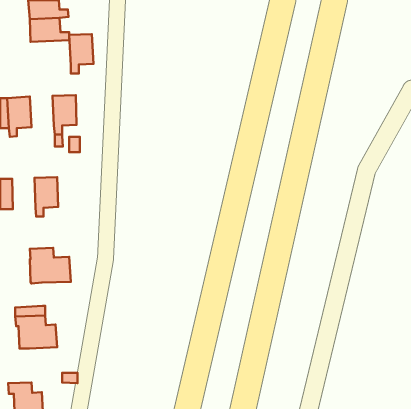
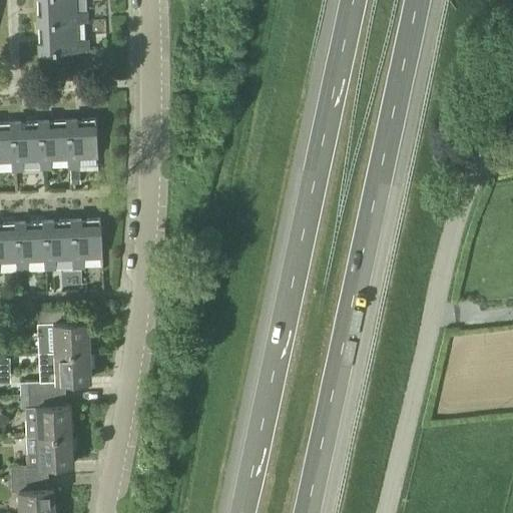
building: [69,34,93,73] -> [38,122,68,171]
building: none -> [72,222,102,272]
building: none -> [16,224,45,274]
building: none -> [53,354,90,384]
building: none -> [11,435,73,480]

